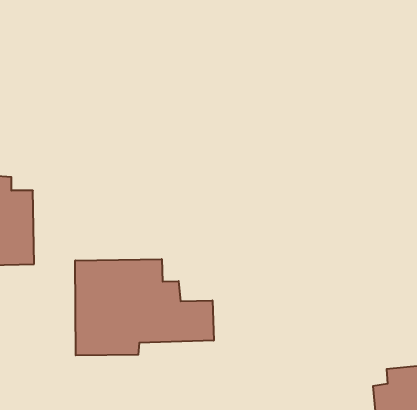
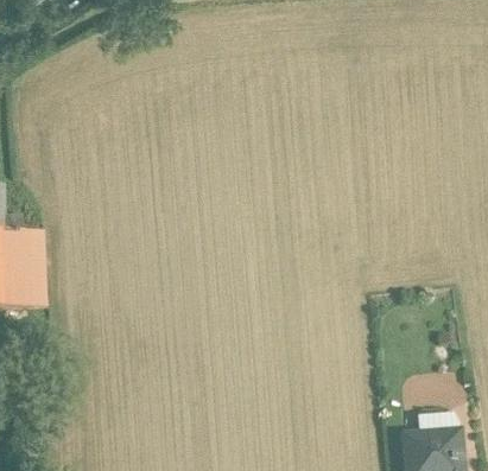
building: [75,259,214,355] -> none

